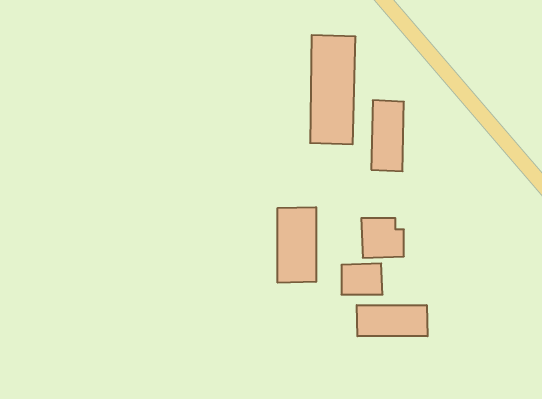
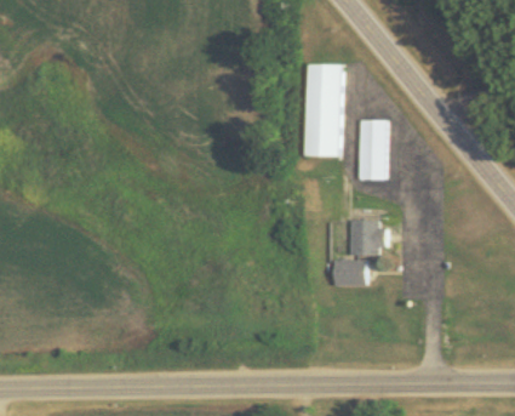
building: [278,207,316,283] -> none
building: [357,305,428,336] -> none

